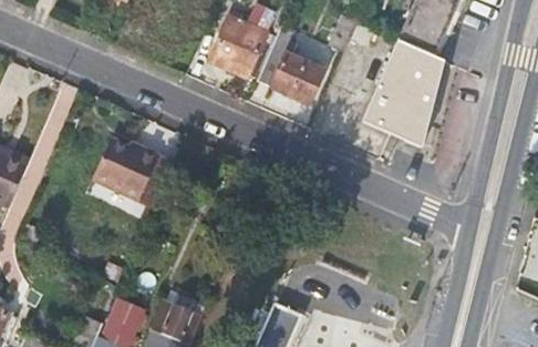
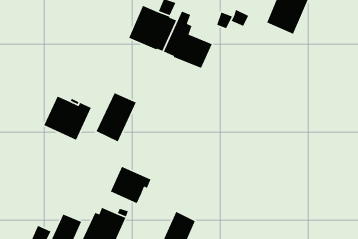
building: [363,40,445,147] -> none
building: none -> [96,92,137,142]
building: none -> [110,166,152,204]

